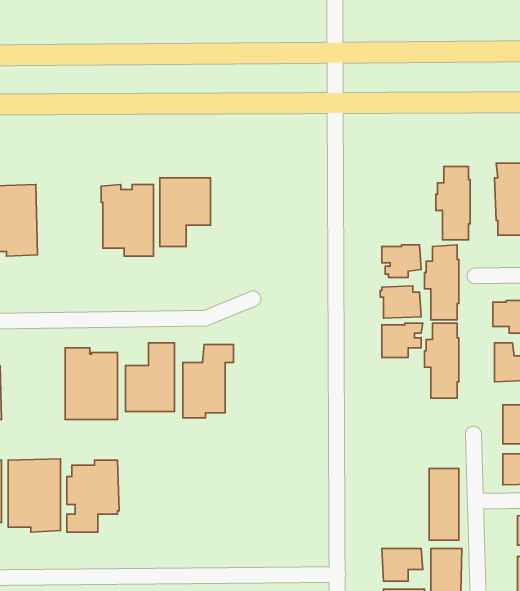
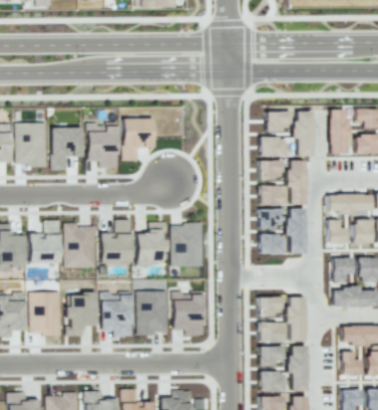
building: none -> [267,112,292,132]
building: none -> [52,128,83,170]
building: none -> [261,137,291,157]
building: none -> [31,221,62,265]
building: none -> [172,222,204,266]
building: none -> [261,234,285,254]
building: none -> [137,290,169,335]
building: none -> [173,290,205,337]
building: none -> [102,291,134,337]
building: none -> [260,296,283,317]
building: none -> [261,323,285,343]

